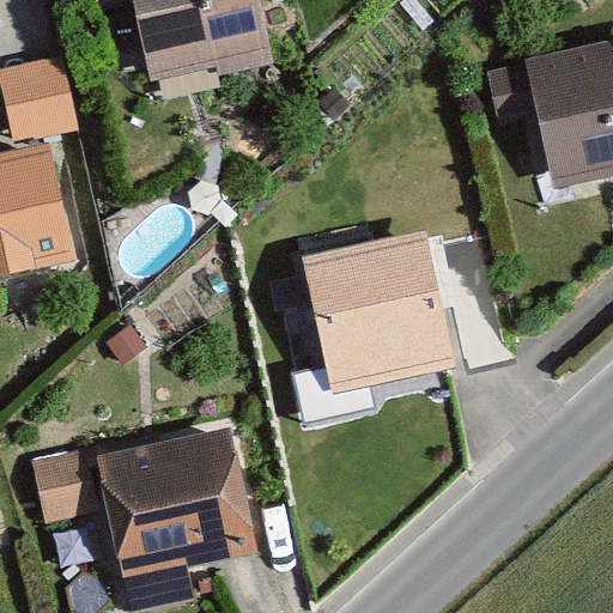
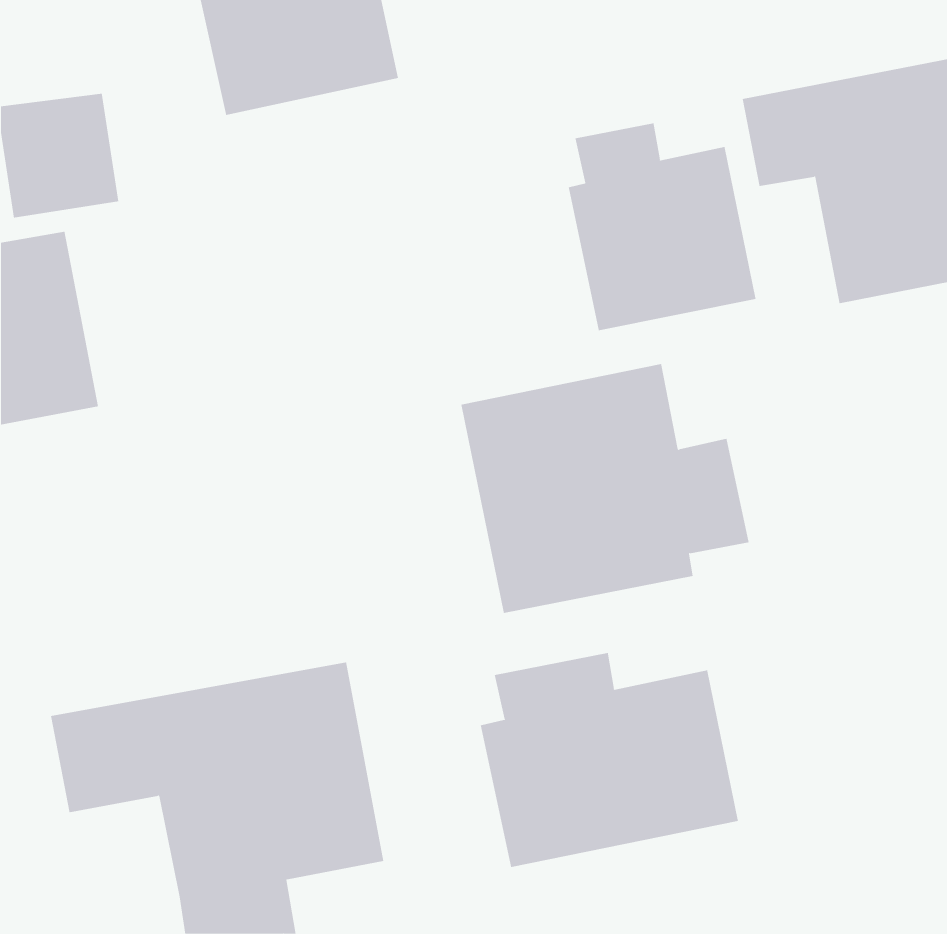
building: none -> [568,123,756,331]
building: none -> [480,652,739,868]

